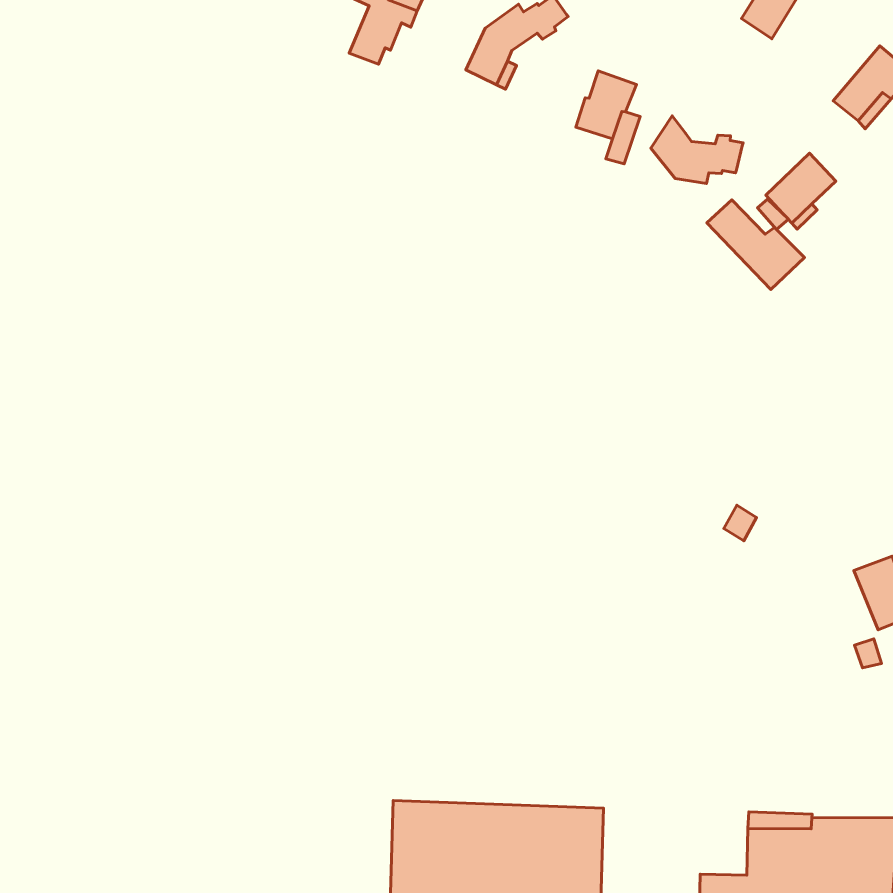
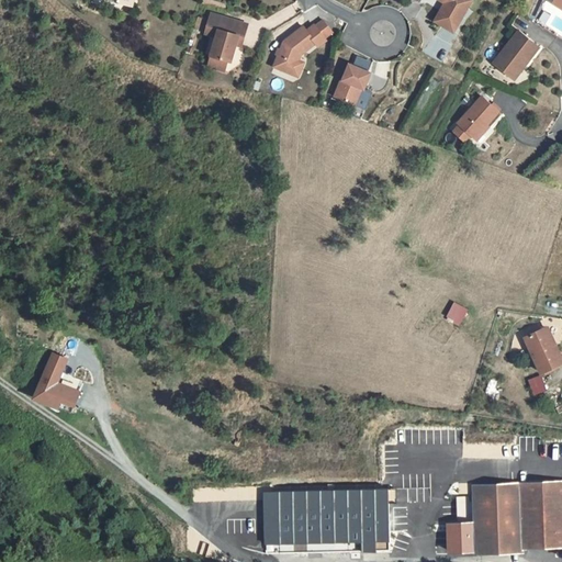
building: [651,116,743,183] -> none
building: [707,200,805,290] -> none
building: none -> [37,352,78,411]

